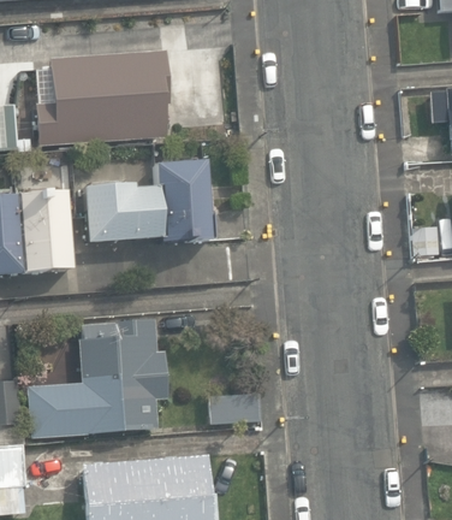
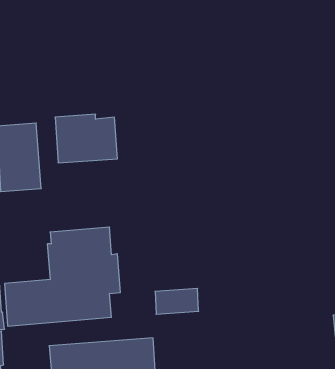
building: [35,49,171,146] -> none
building: [161,158,218,241] -> none

